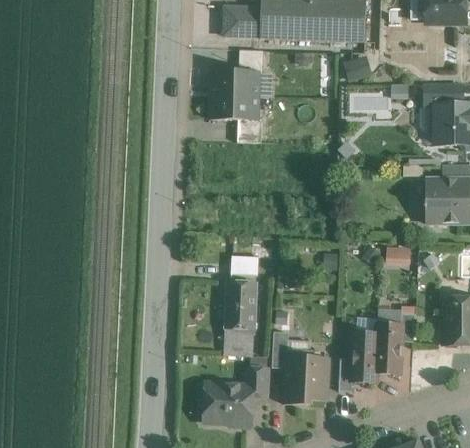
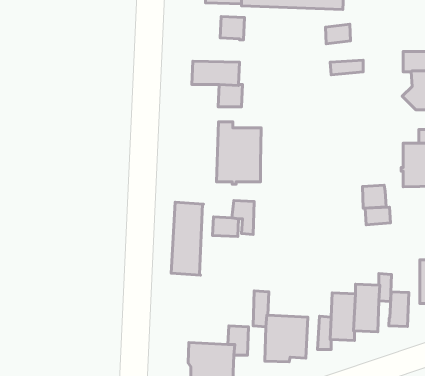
building: [210,71,258,96] -> none
building: none -> [217,122,261,184]
building: none -> [362,185,386,208]
building: [223,281,256,356] -> [171,202,203,275]
building: none -> [389,292,409,327]

